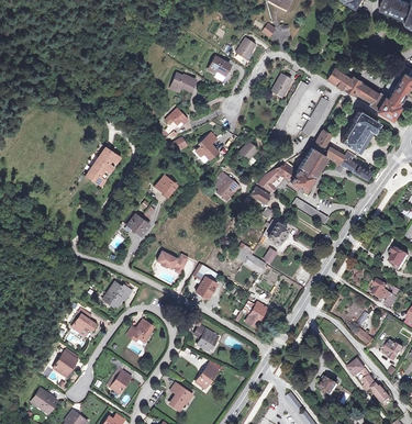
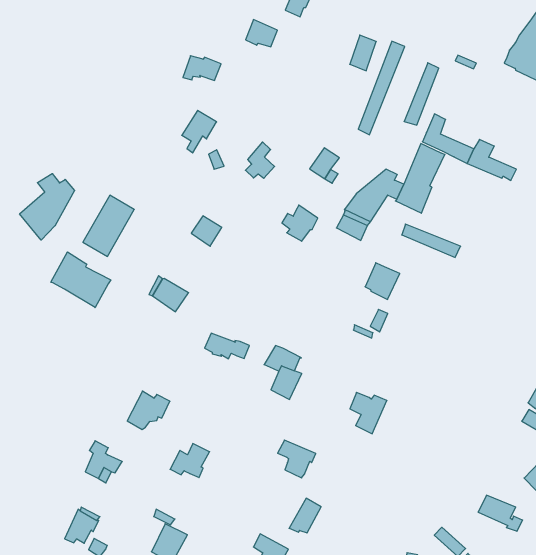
building: [326,68,379,101] -> none
building: [341,111,378,154] -> none
building: none -> [20,174,75,240]
building: none -> [51,252,111,308]

